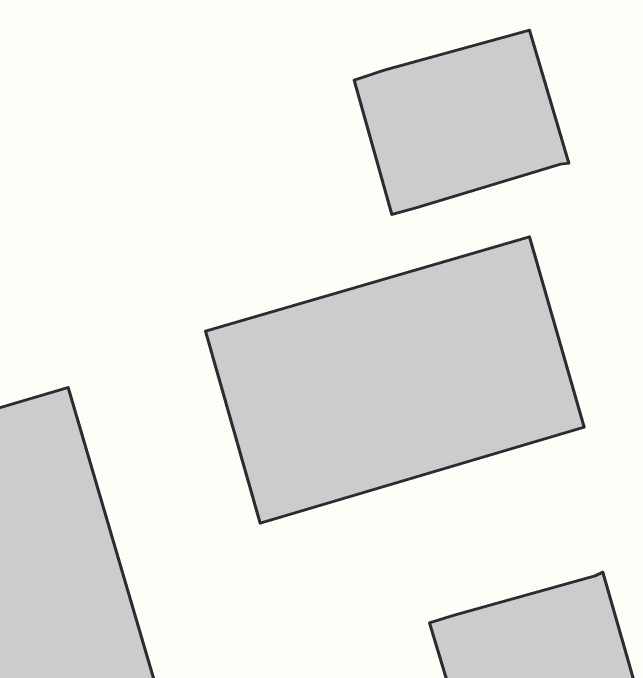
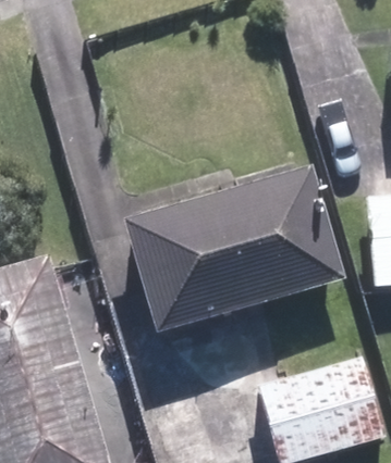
building: [354,30,569,214] -> none

